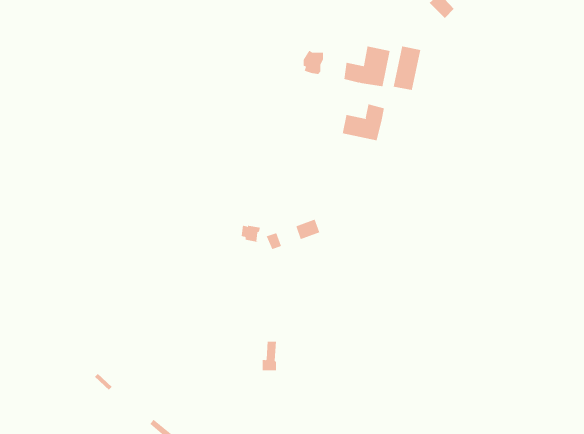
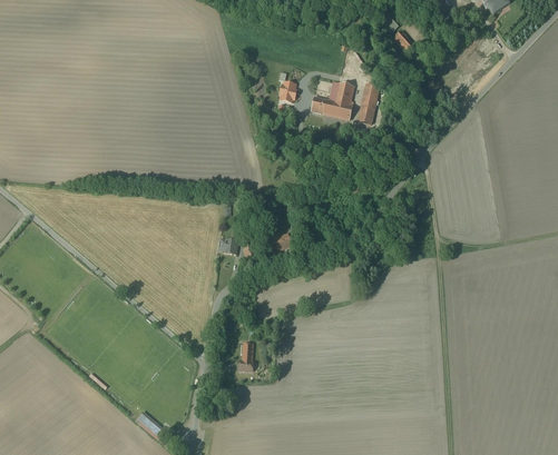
building: [342,104,384,141] -> none

